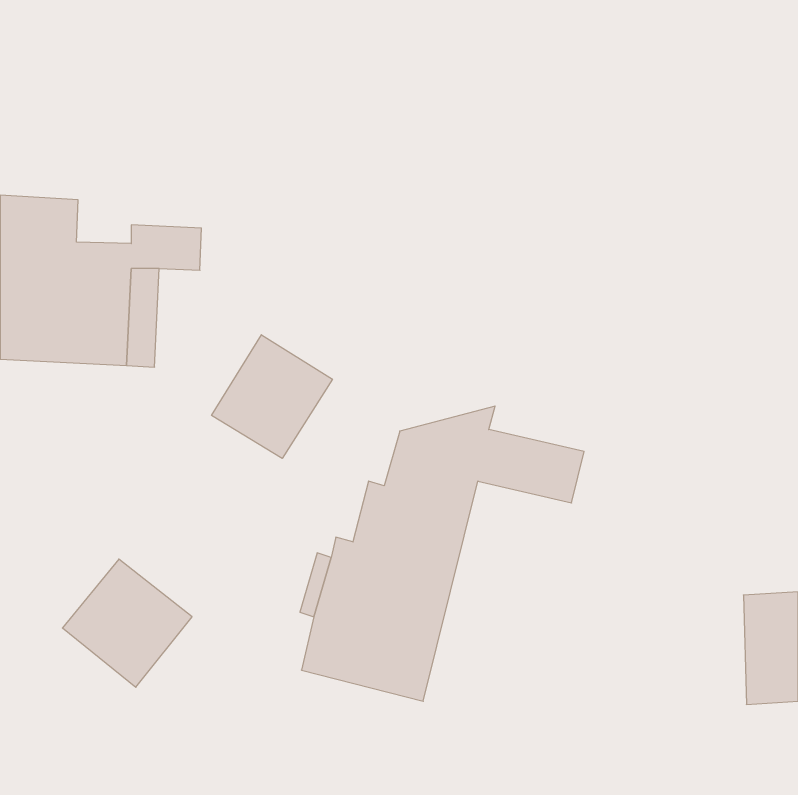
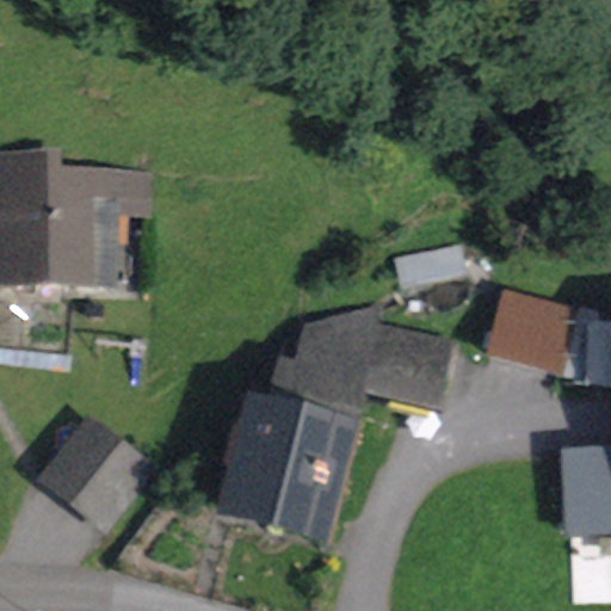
building: [212,335,332,458] -> none
building: none -> [489,295,576,374]

